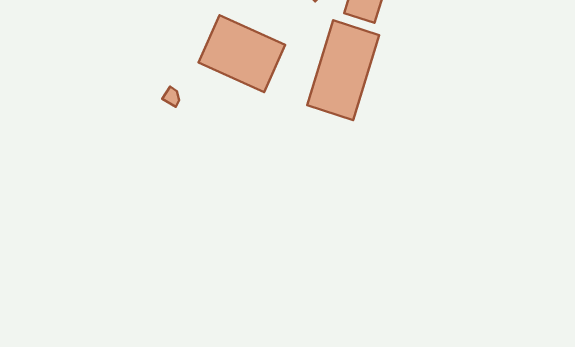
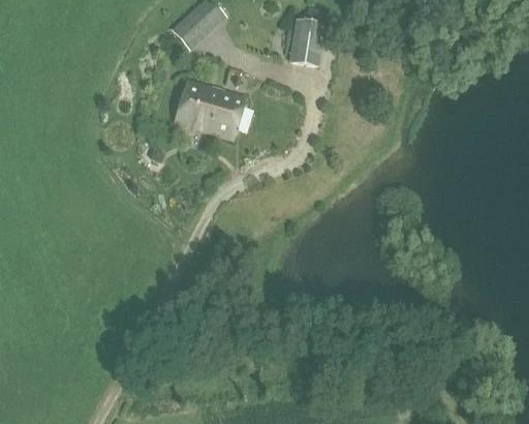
building: [307,20,379,120] -> none

